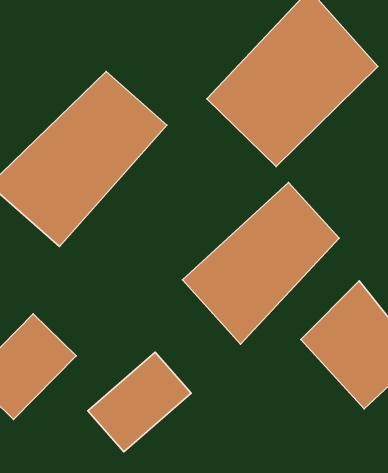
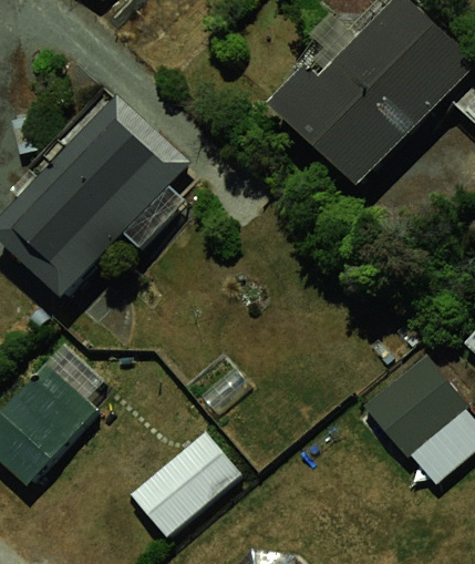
building: [182,183,339,344] -> none

